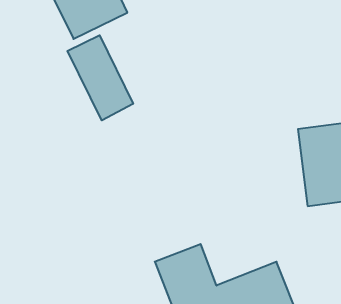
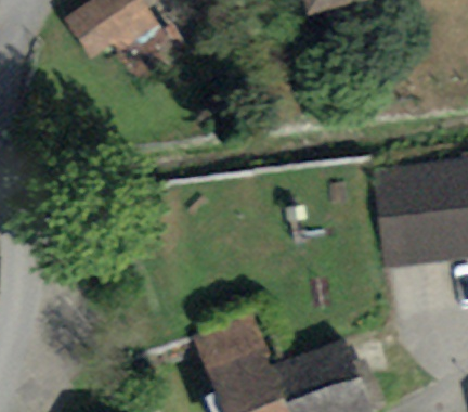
building: [67,35,133,120] -> none

